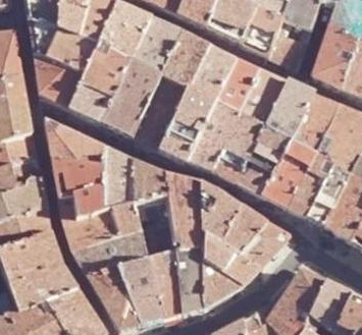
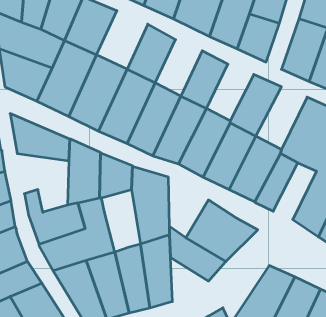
building: [131,17,182,75] -> none
building: [189,46,236,102] -> none
building: [240,70,287,126] -> none
building: [289,93,340,155] -> none
building: [52,159,103,217] -> none
building: [306,168,349,224] -> none
building: [202,182,242,242] -> none
building: [136,194,174,252] -> none
building: [204,262,242,305] -> none

